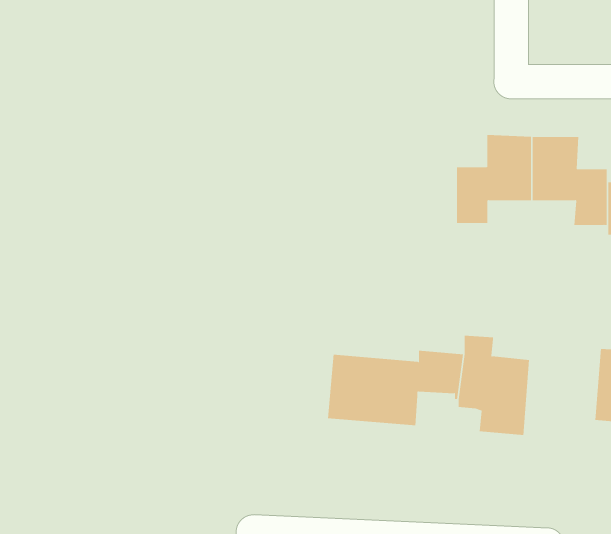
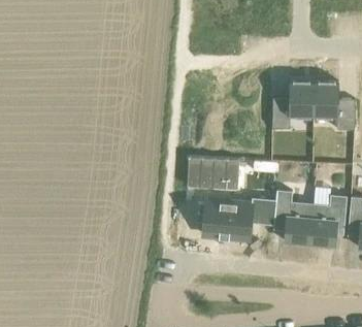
building: none -> [191,164,242,197]
building: none -> [309,194,347,247]

